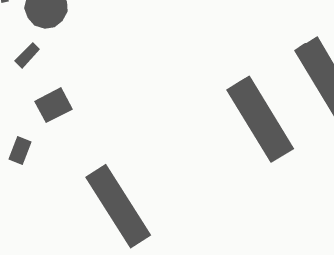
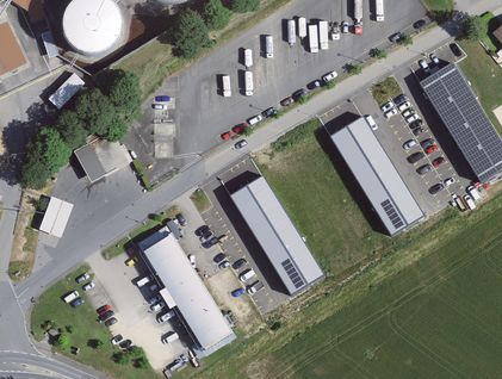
building: none -> [229,173,324,293]

